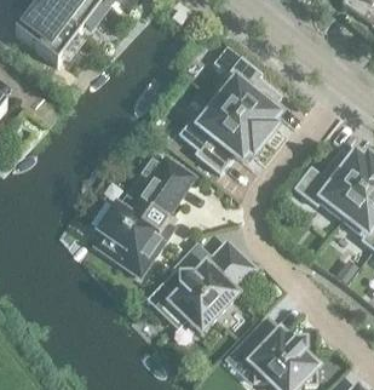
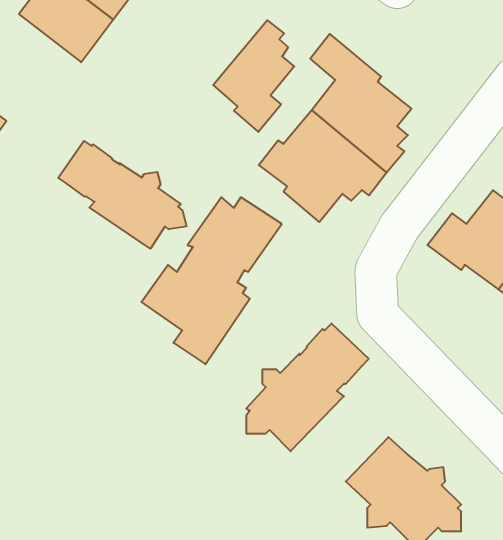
building: none -> [213,20,294,132]
building: none -> [58,141,186,249]

